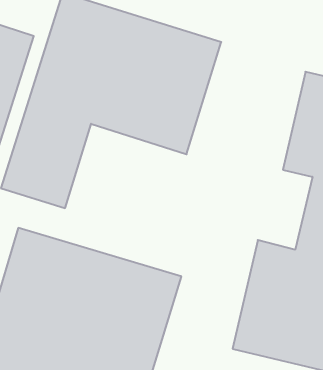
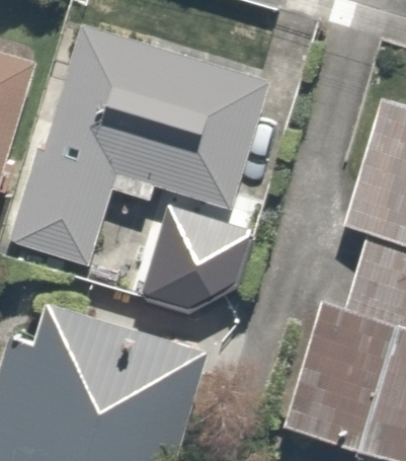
building: none -> [139,215,245,328]

